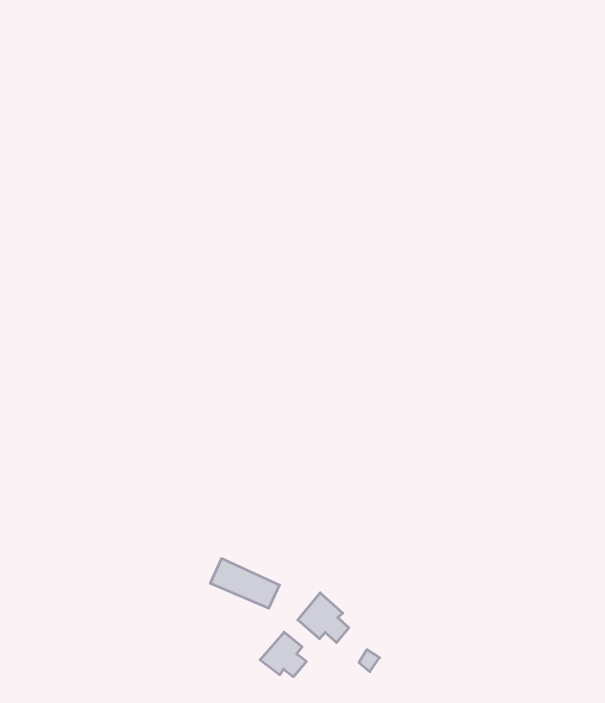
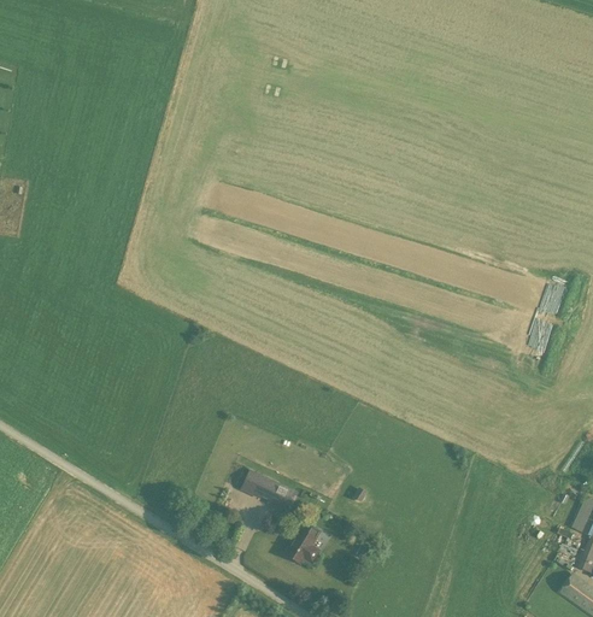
building: [298,593,349,643] -> none

